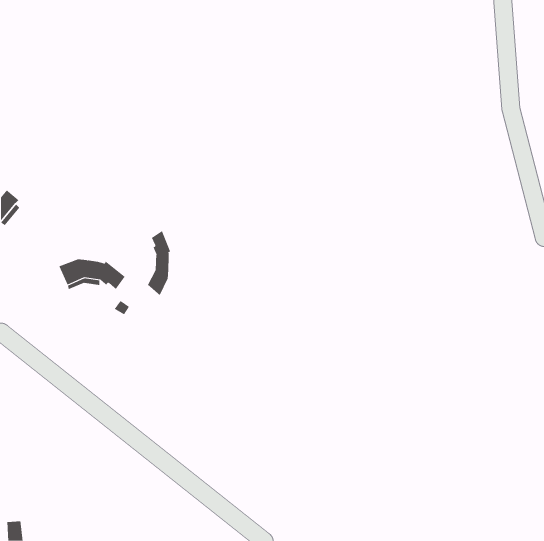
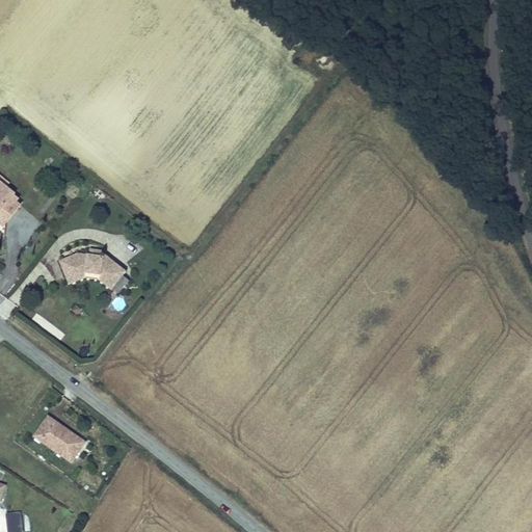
building: [147,230,171,296] -> none
building: none -> [34,415,83,458]

